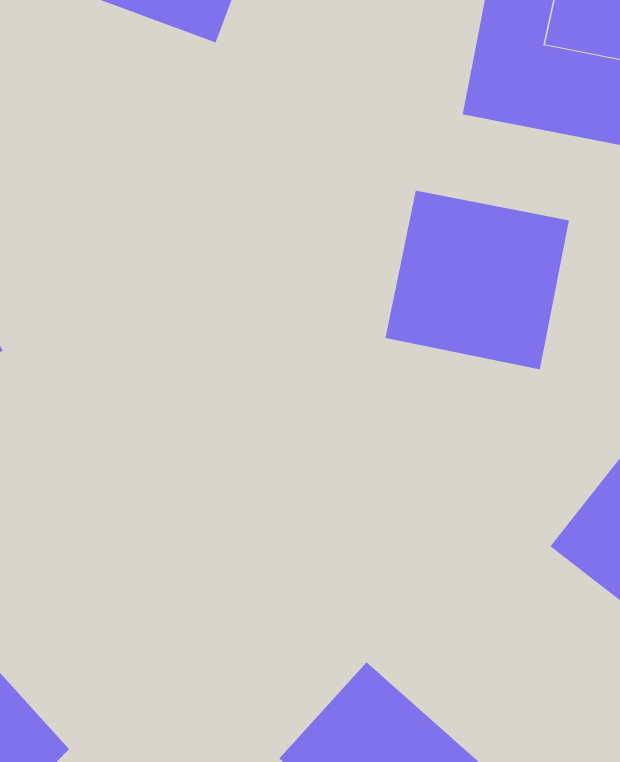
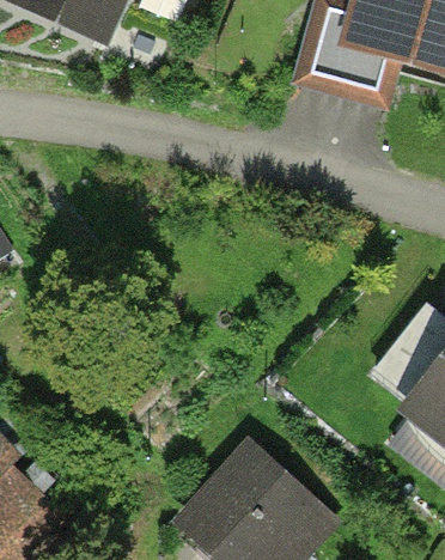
building: [385,190,570,370] -> none

